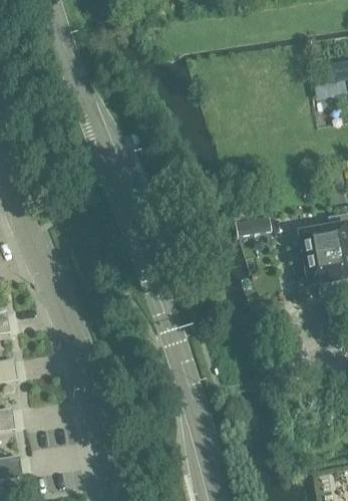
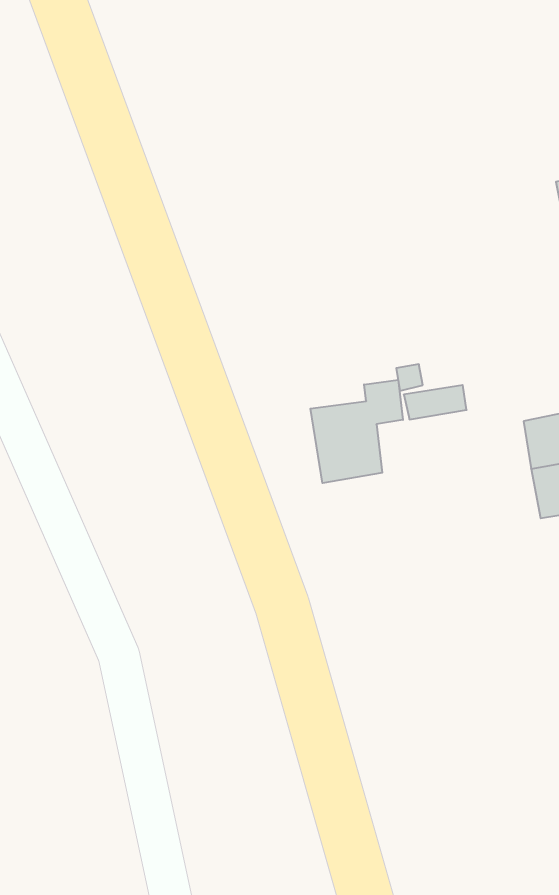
building: none -> [310,380,403,483]

